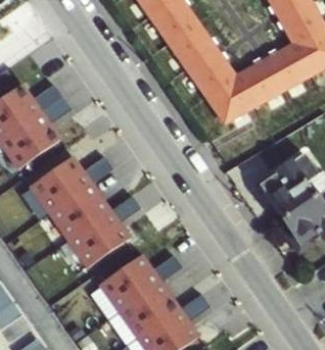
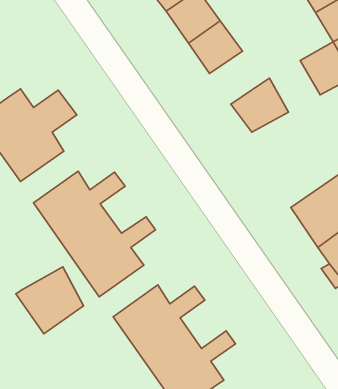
building: [186,51,233,97] -> none
building: [238,59,282,104] -> none
building: none -> [16,267,83,334]

